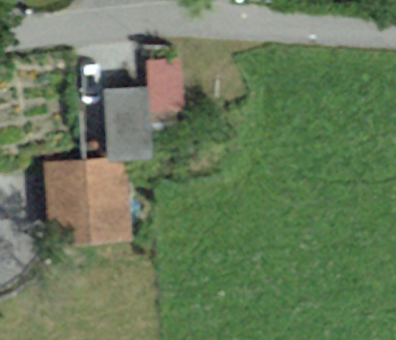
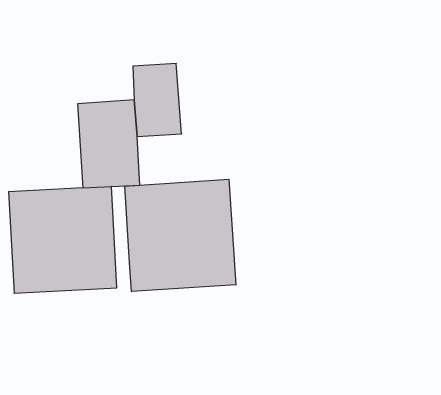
building: none -> [125,179,236,292]

